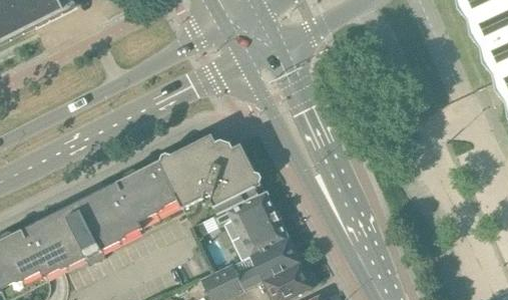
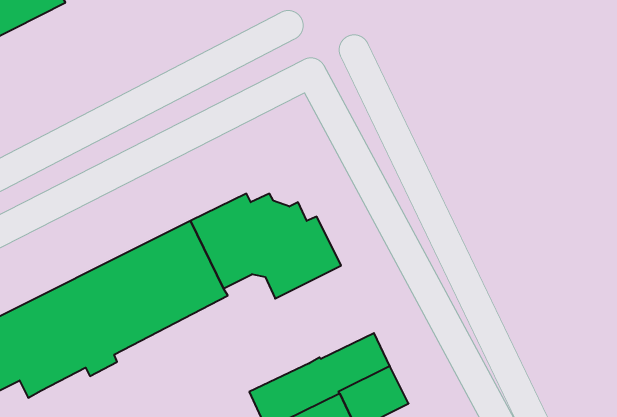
building: [214,192,288,260] -> none

